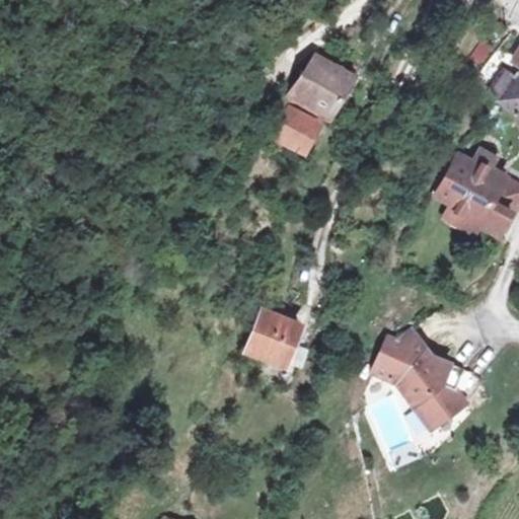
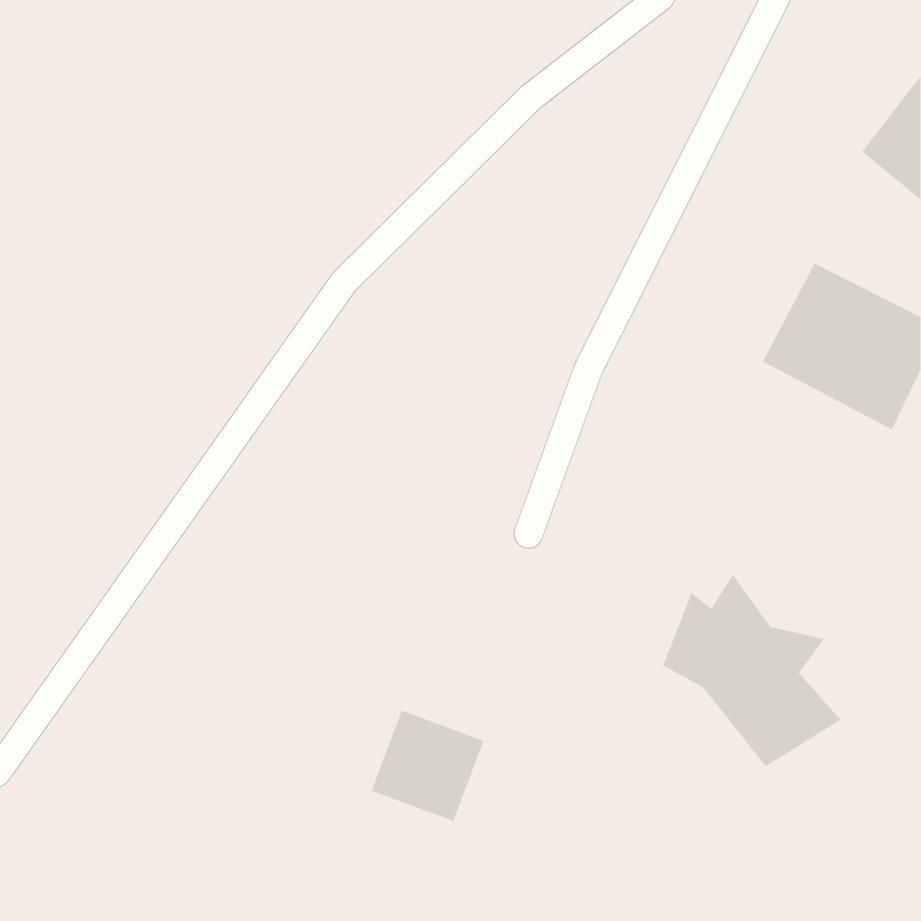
building: [273,53,359,158] -> none
building: [246,309,310,372] -> [371,710,485,822]

